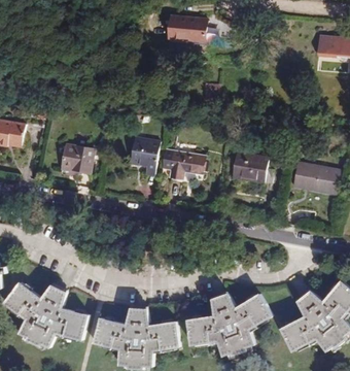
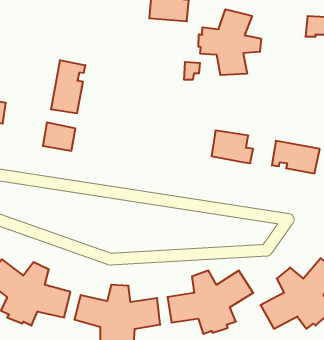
building: none -> [198,9,261,75]
building: none -> [51,60,85,113]
building: [129,138,157,175] -> none
building: [168,150,203,179] -> none

